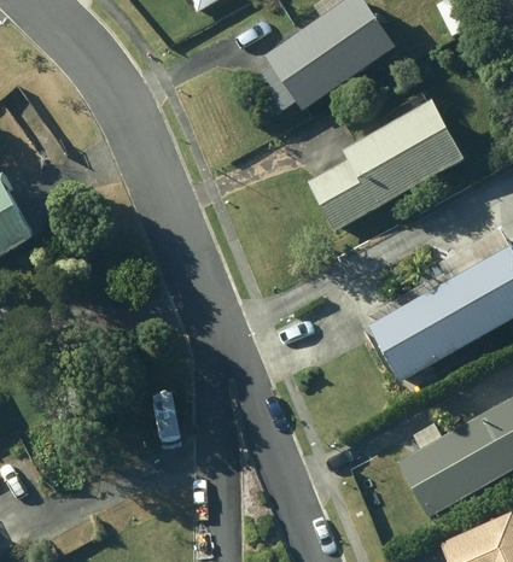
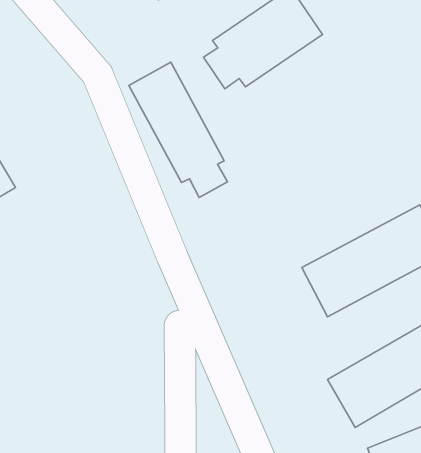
building: none -> [129,62,228,197]
building: [308,104,462,232] -> none

